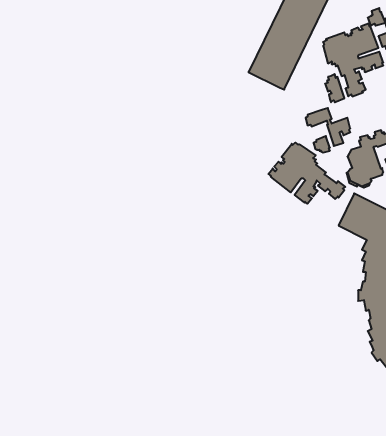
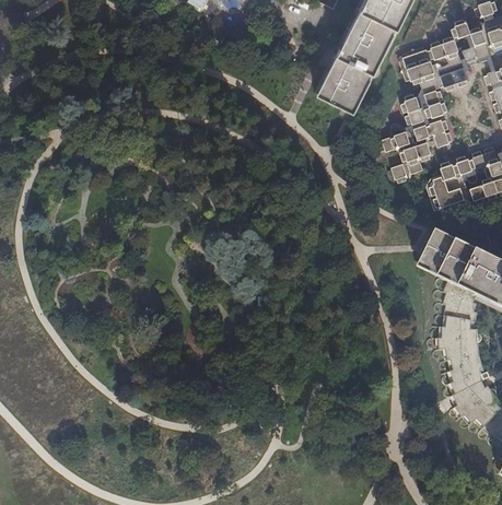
building: none -> [416,119,455,148]
building: [268,143,345,204] -> none

